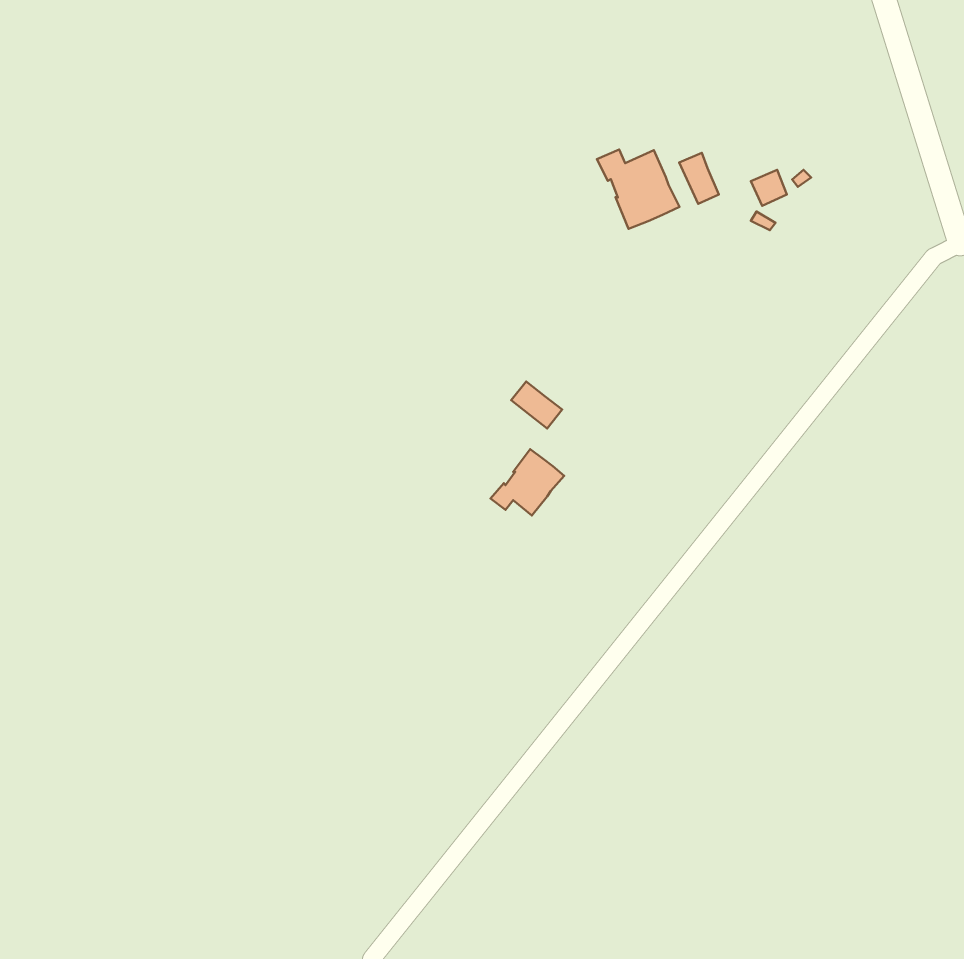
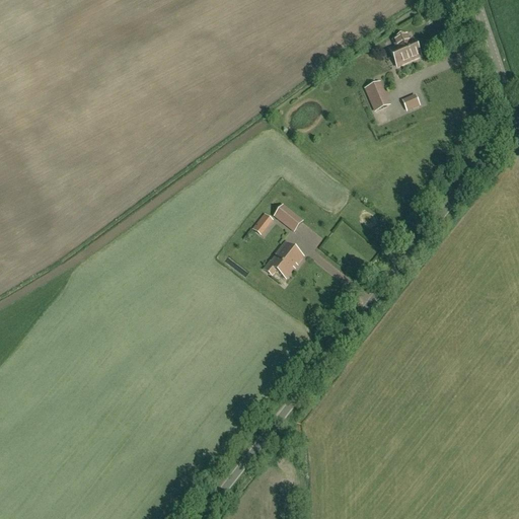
building: none -> [389,33,420,65]
building: [597,150,680,229] -> none

